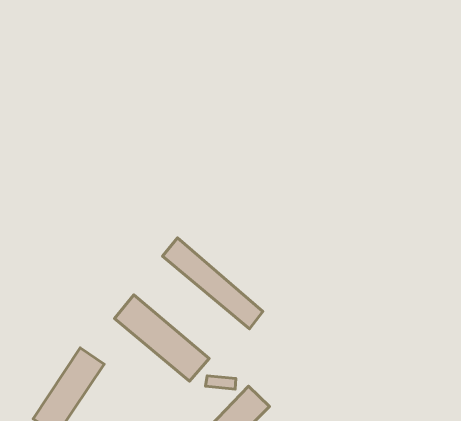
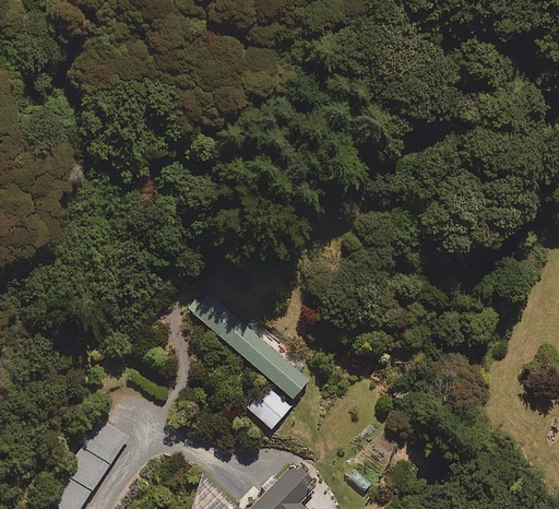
building: [114,295,209,381] -> none
building: none -> [248,384,292,428]

